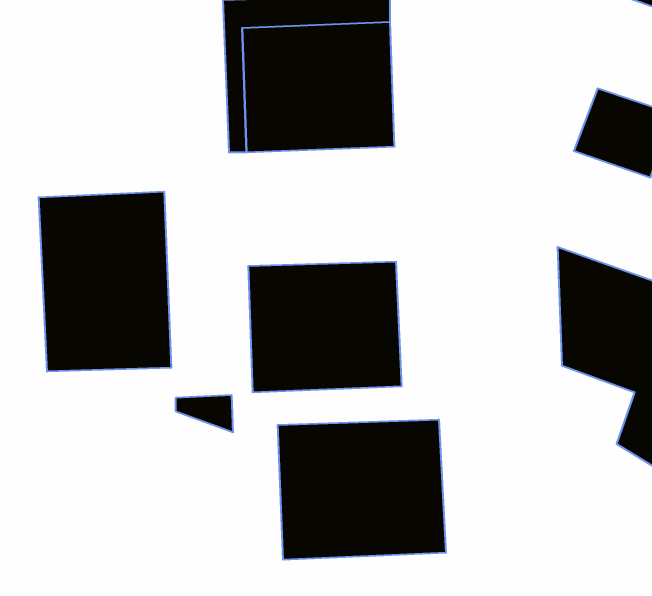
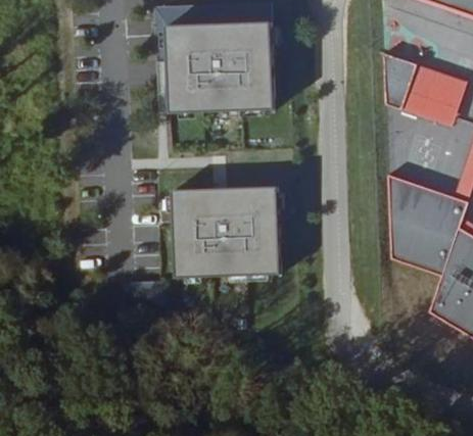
building: none -> [385,55,417,109]
building: [39,192,171,372] -> none
building: [278,419,446,560] -> none

